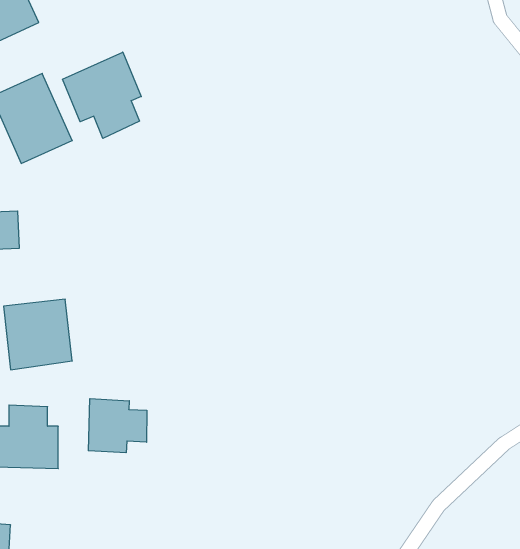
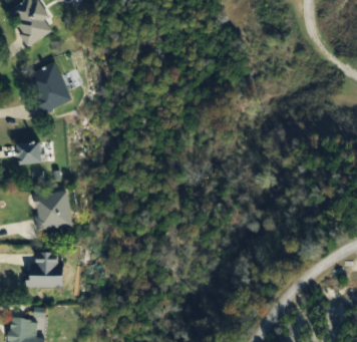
building: [62,52,141,138] -> none
building: [88,399,147,453] -> none

